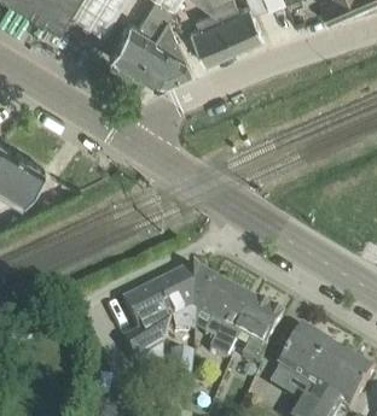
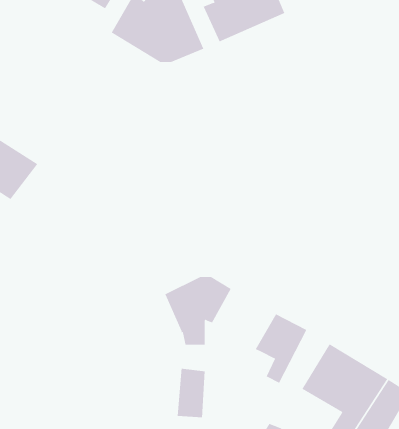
building: [198,285,254,362] -> none
building: [122,289,170,368] -> none

